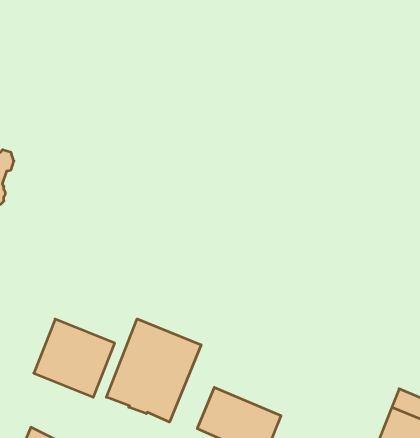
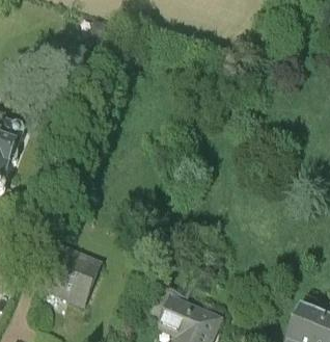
building: [106,319,201,422] -> none

